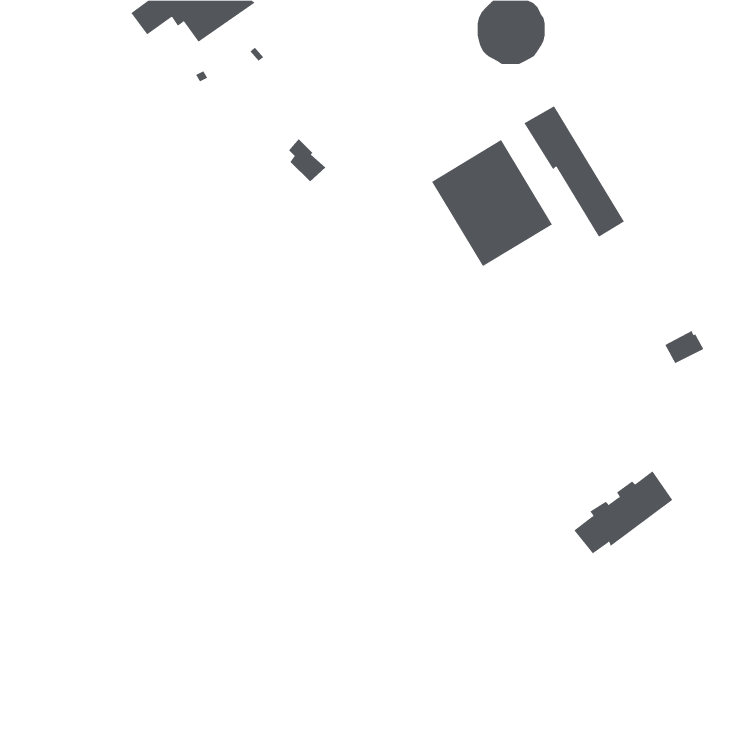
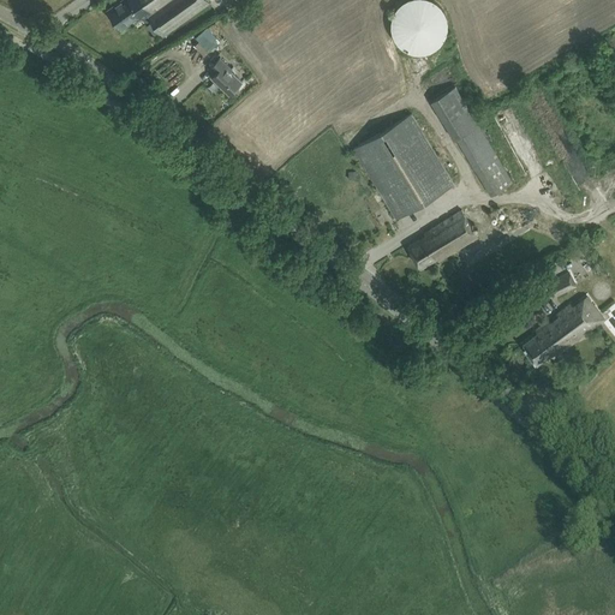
building: [288,138,326,182] -> [210,59,241,95]
building: none -> [407,211,477,268]
building: [574,471,673,554] -> [521,297,603,365]

